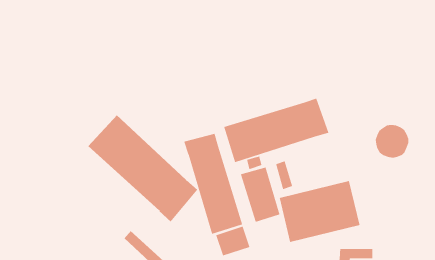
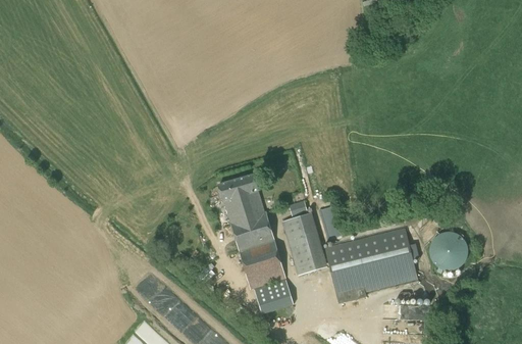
building: [223,98,330,163] -> none
building: [87,115,198,222] -> none
building: [375,124,409,159] -> [430,231,469,269]

